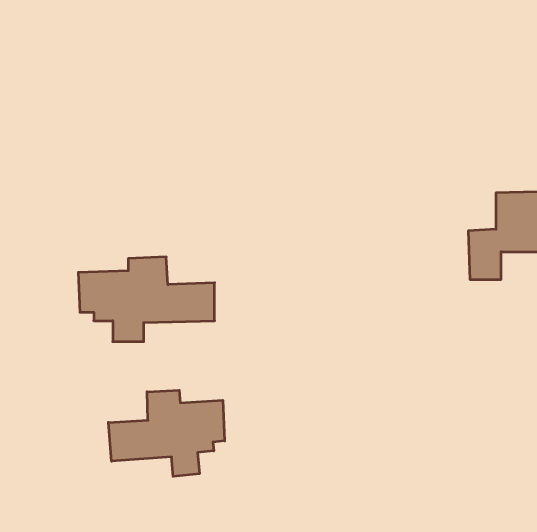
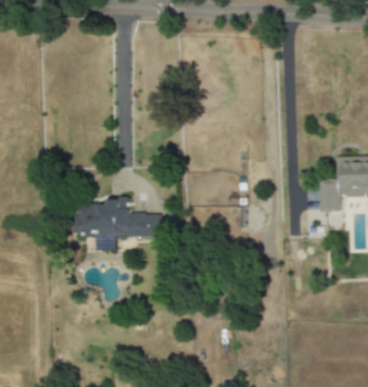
building: [108,390,225,476] -> none

